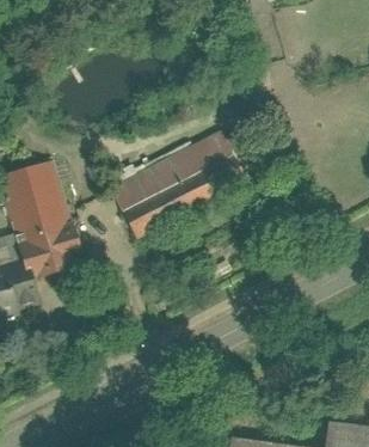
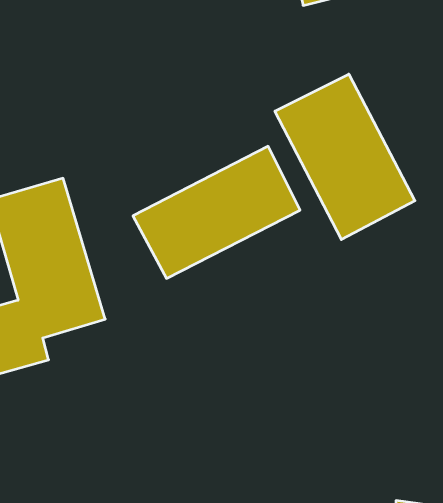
building: none -> [275,74,415,240]

